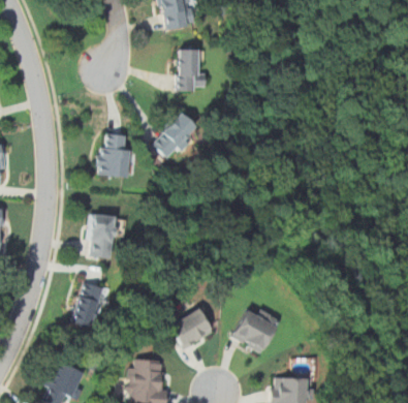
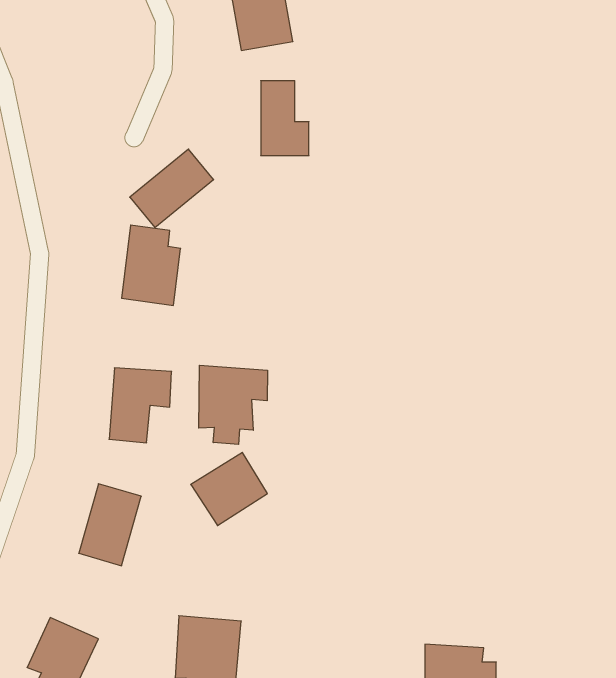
building: [151,113,199,158] -> [130,149,214,228]
building: none -> [199,365,267,444]
building: [229,305,276,352] -> none
building: [168,307,213,349] -> [191,452,267,526]

